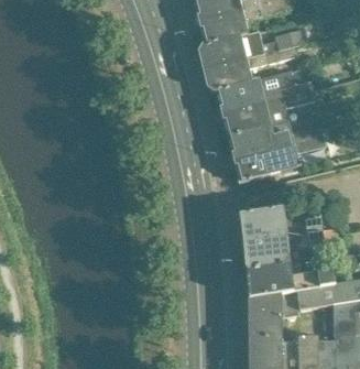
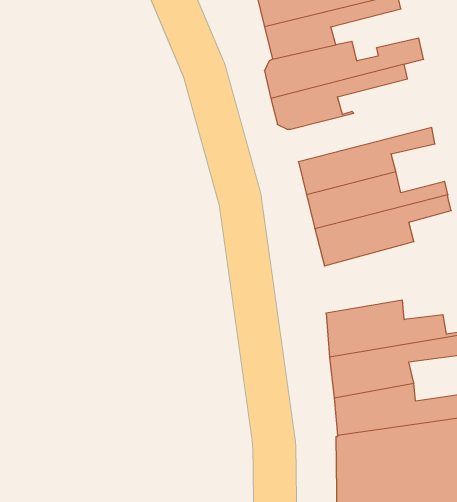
building: [217,70,313,112] -> none

